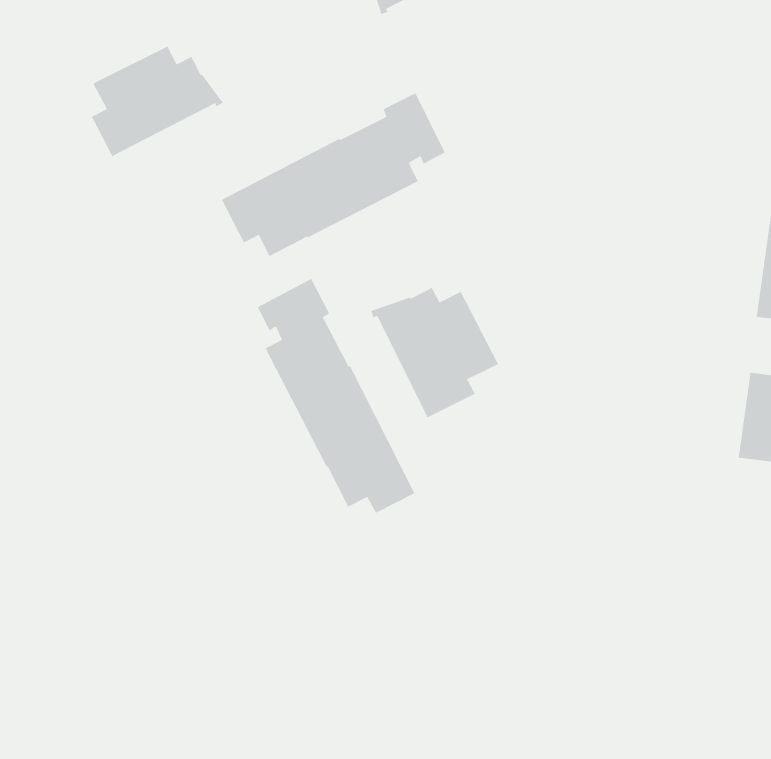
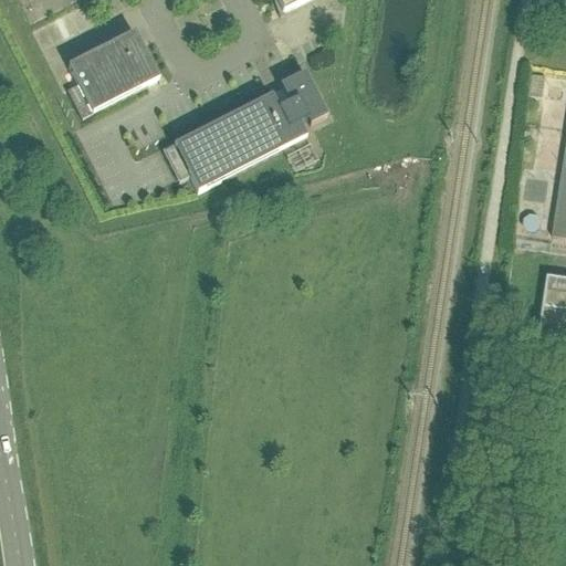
building: [257,278,416,514] -> none
building: [370,287,499,418] -> none

